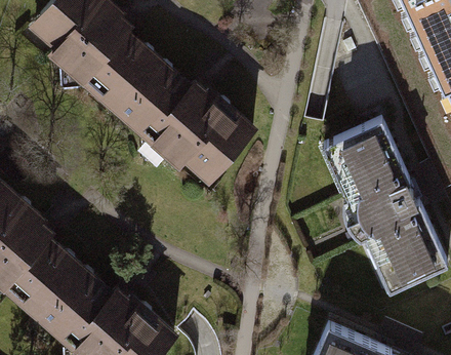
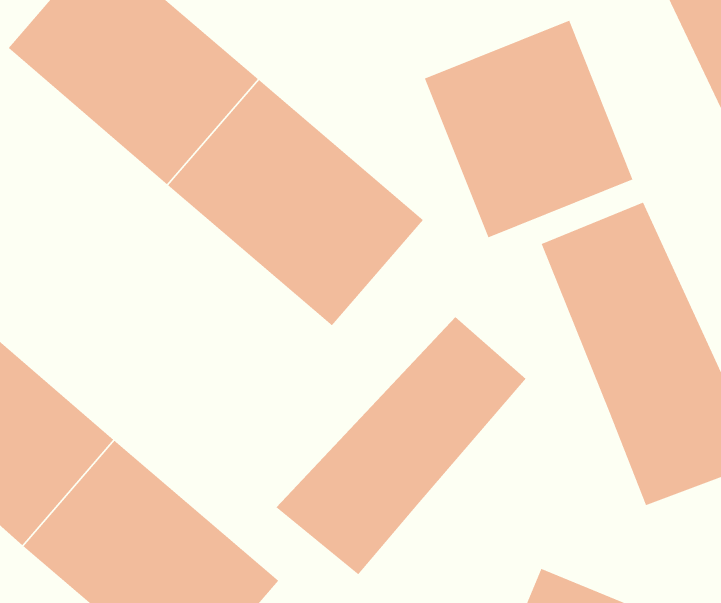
building: none -> [424,20,633,238]
building: none -> [276,316,526,575]

